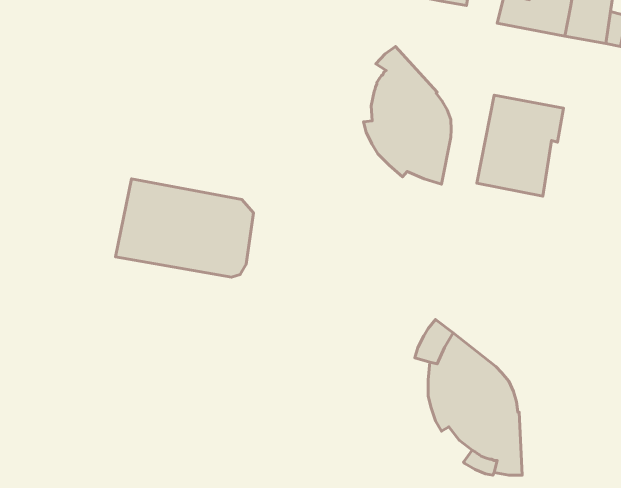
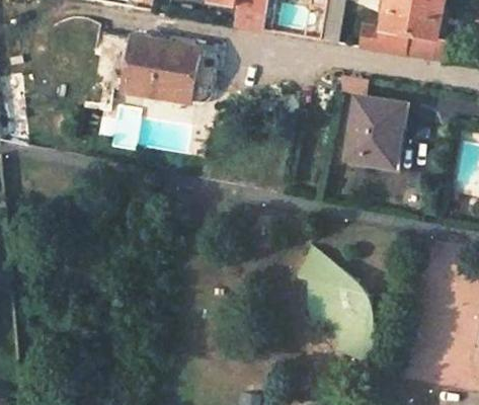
building: [363,46,451,184] -> none
building: [115,179,254,277] -> [119,36,215,104]

